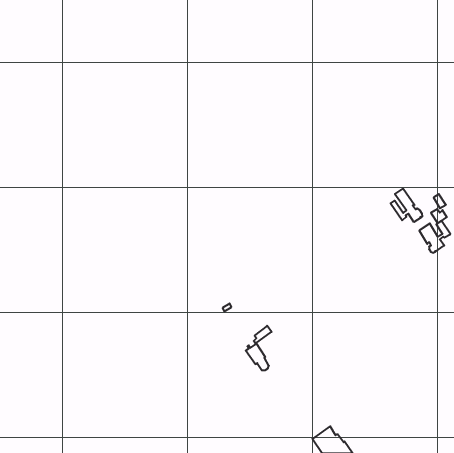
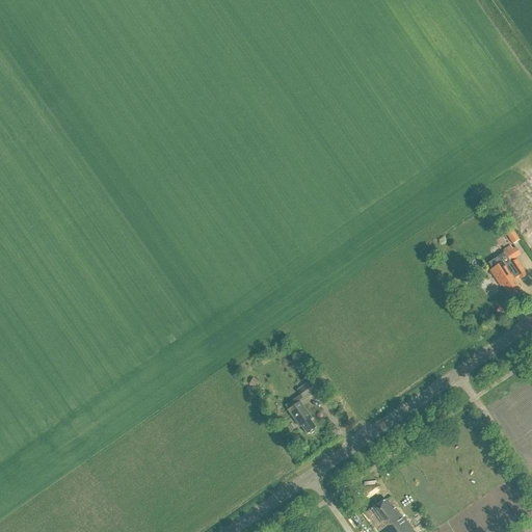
building: [391,189,422,222] -> none

